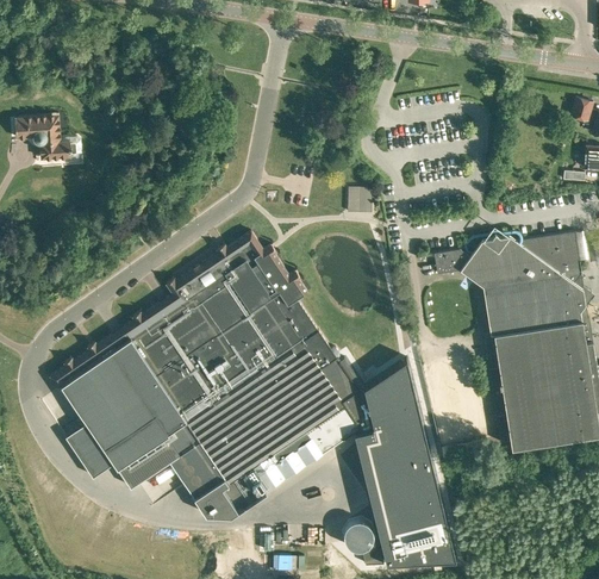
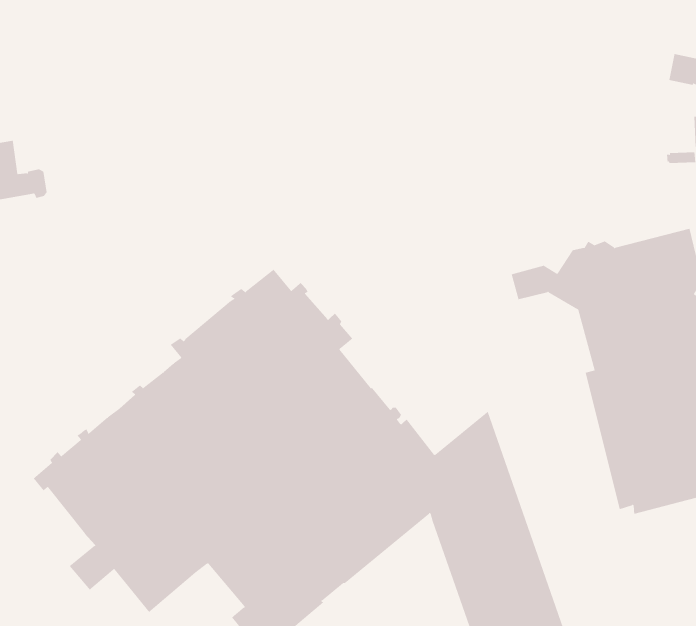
building: [354,189,376,214] -> none

